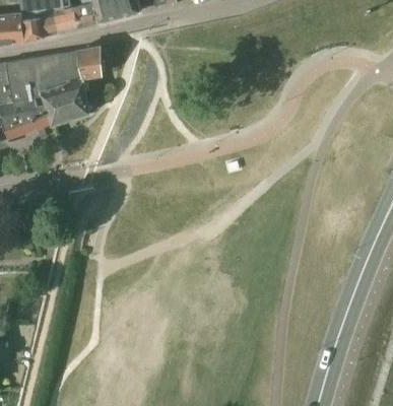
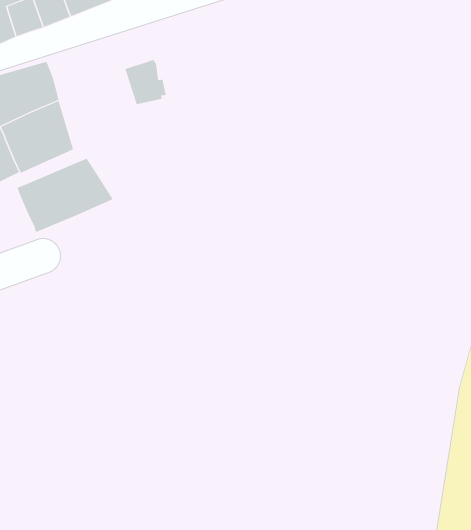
building: [78,48,105,77] -> [125,59,167,105]
building: none -> [16,158,113,233]

